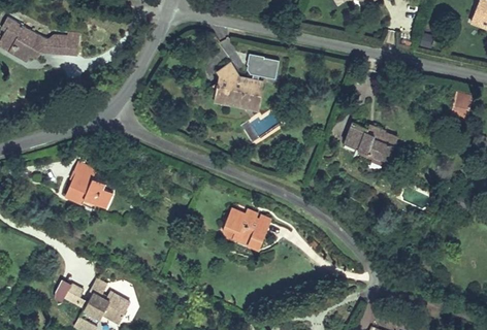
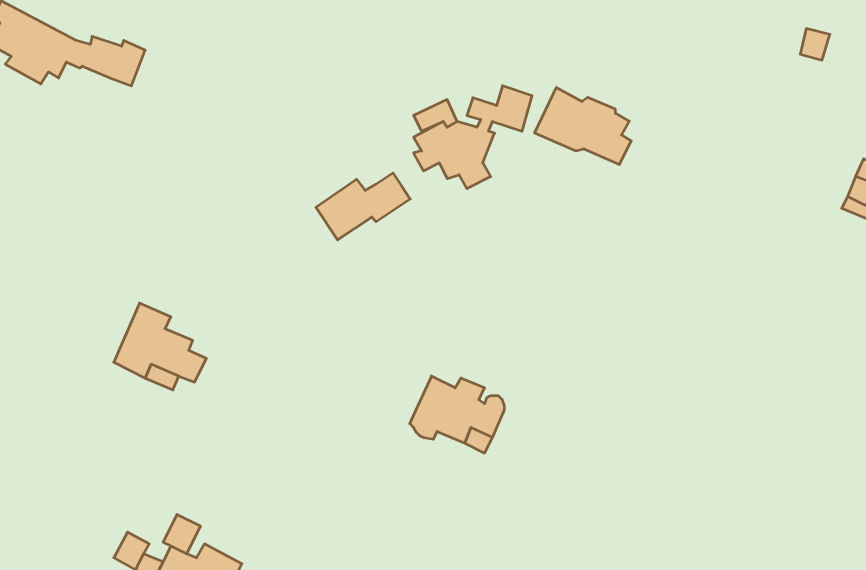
building: none -> [316,173,410,240]
building: [343,121,393,161] -> [535,88,631,165]

